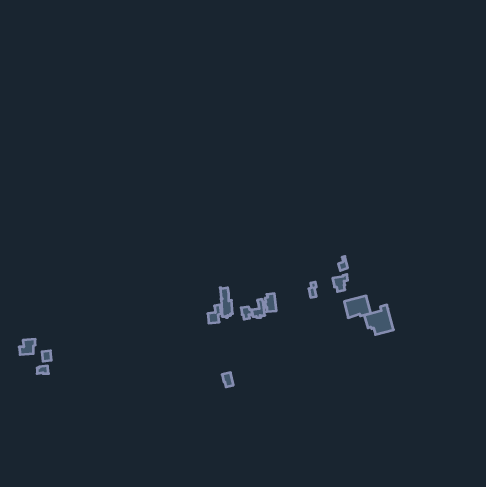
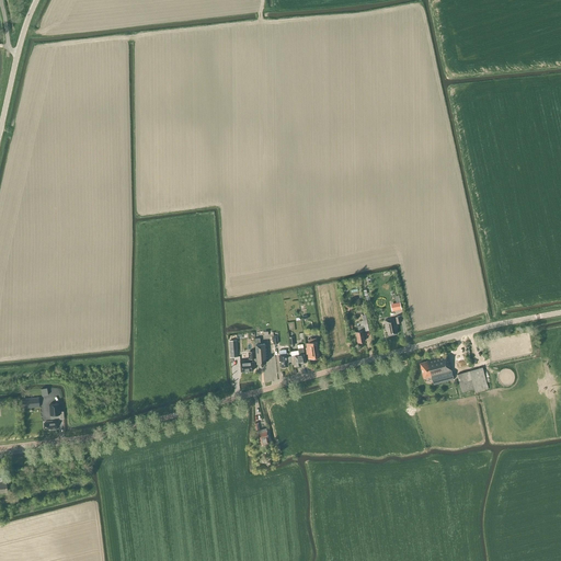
building: [344,296,371,318] -> [456,367,486,392]

